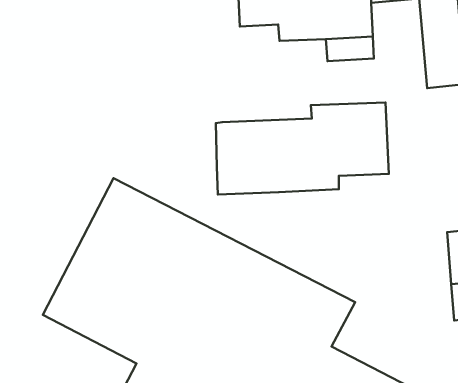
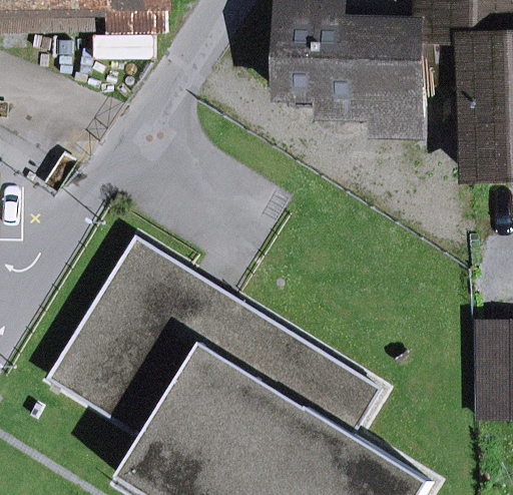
building: [216,103,389,194] -> none

